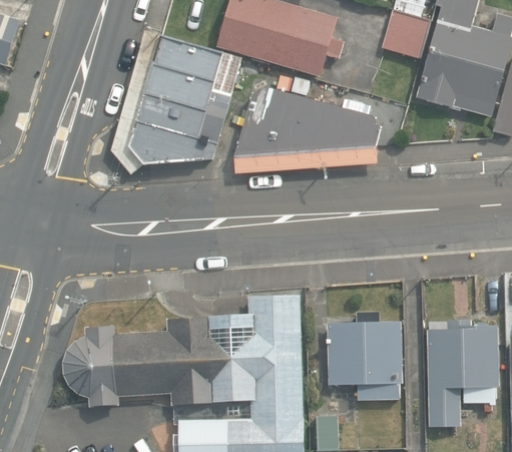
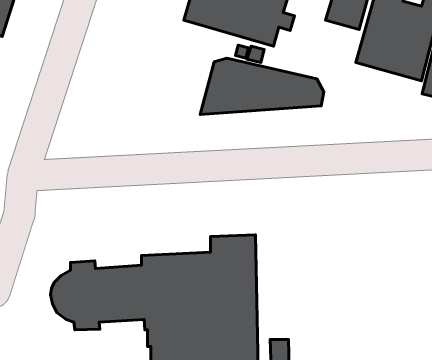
building: [130,36,232,164] -> none
building: [328,312,403,400] -> none
building: [426,313,500,426] -> none

